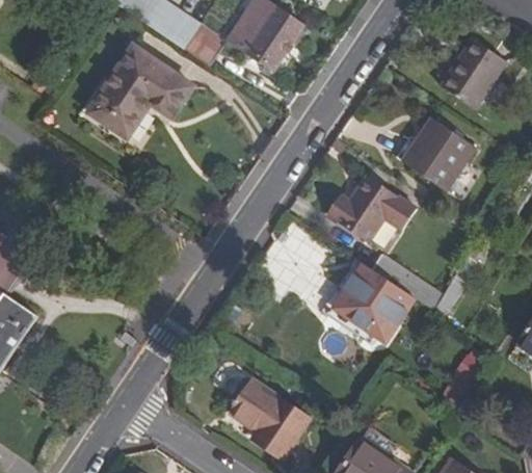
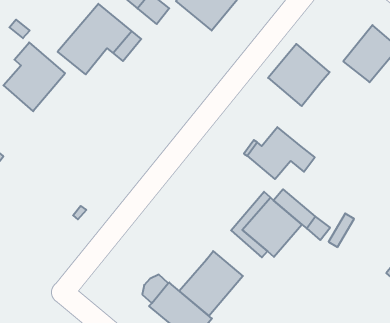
building: none -> [3,42,65,111]
building: [402,116,476,191] -> [268,44,330,106]
building: none -> [179,251,243,316]

